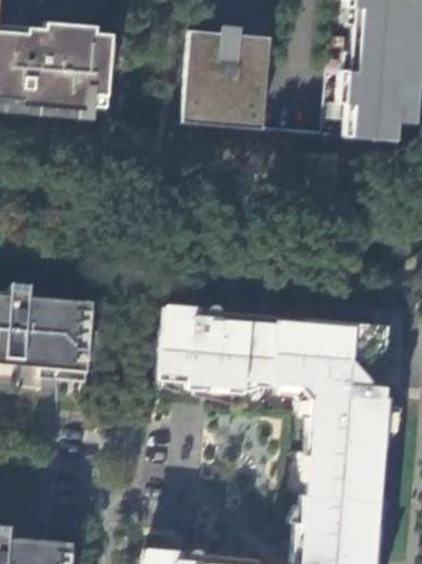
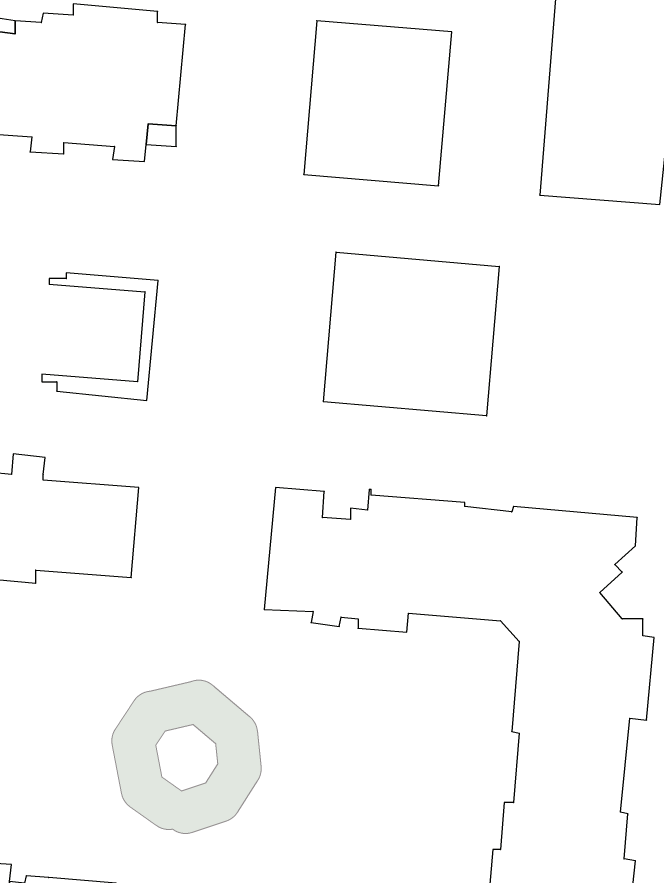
building: none -> [323,252,499,416]
building: [24,296,93,372] -> [42,273,158,400]

